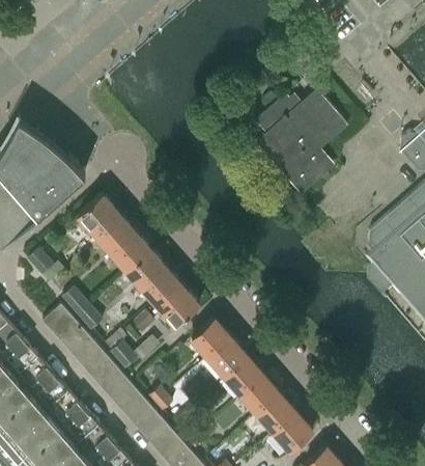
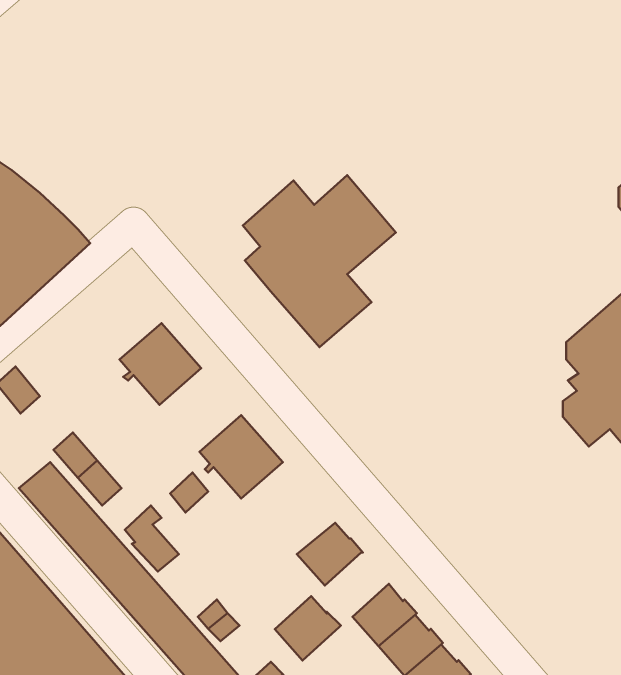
building: [256,92,347,195] -> [243,175,396,347]
building: [78,195,128,245] -> none
building: [126,250,175,300] -> none
building: [192,322,231,361] -> none
building: [225,360,264,399] -> [275,596,341,660]

